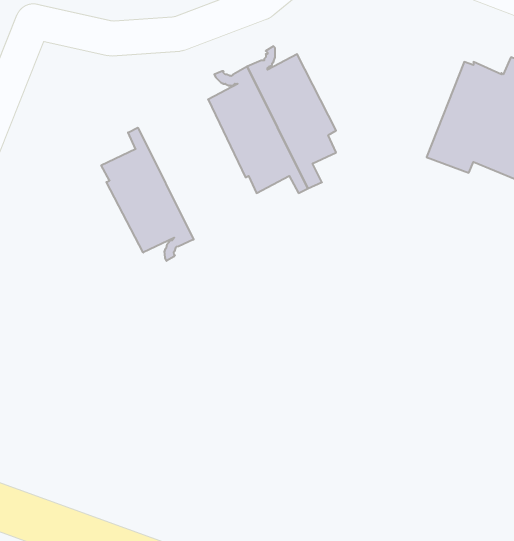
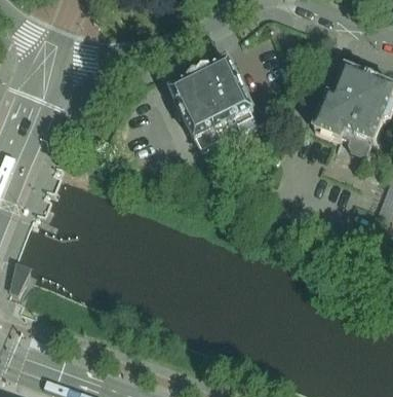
building: [101,128,194,261] -> none

